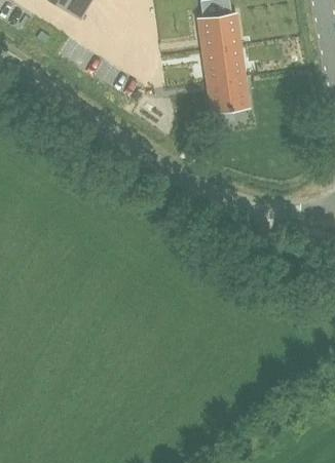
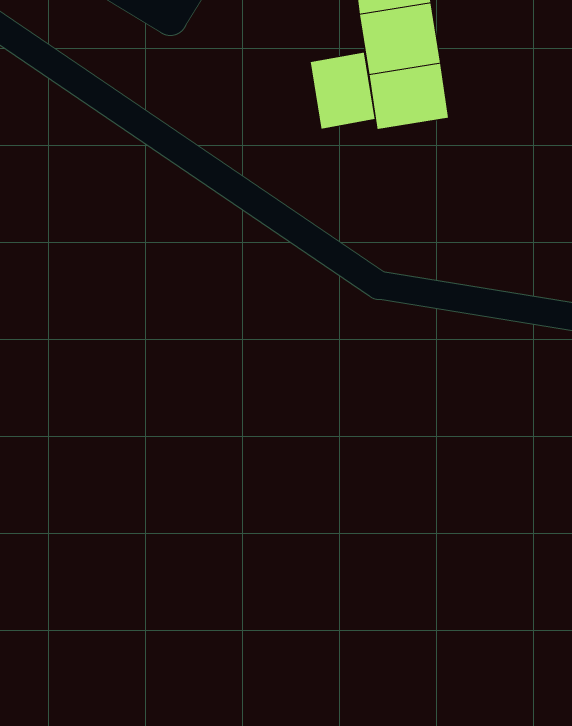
building: none -> [310,52,375,129]

